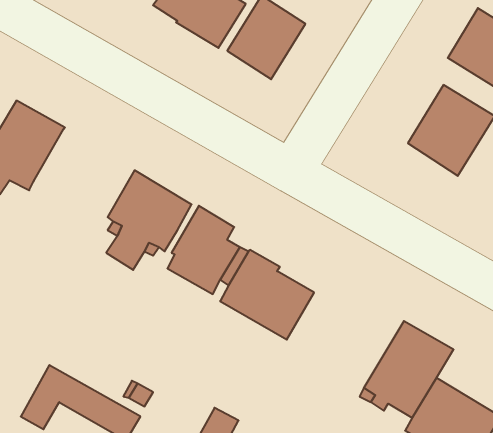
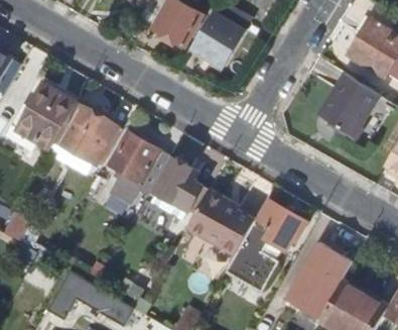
building: none -> [55,104,118,166]
building: none -> [225,201,305,292]

